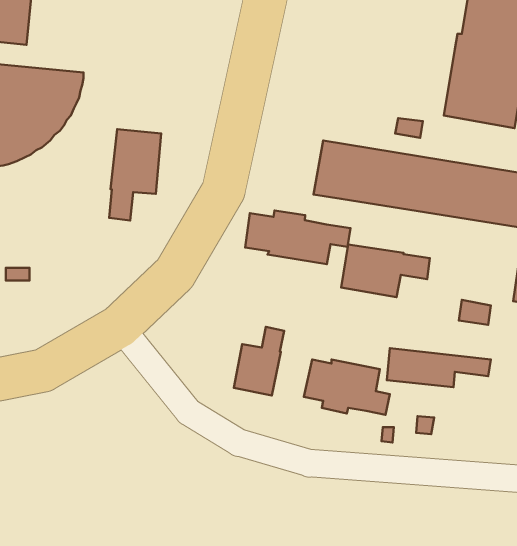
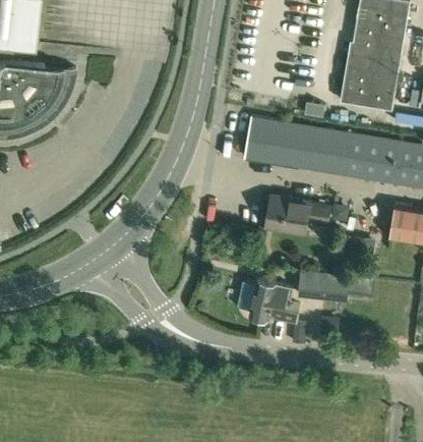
building: [109,129,161,221] -> none
building: [245,211,350,264] -> none
building: [234,327,284,396] -> none

